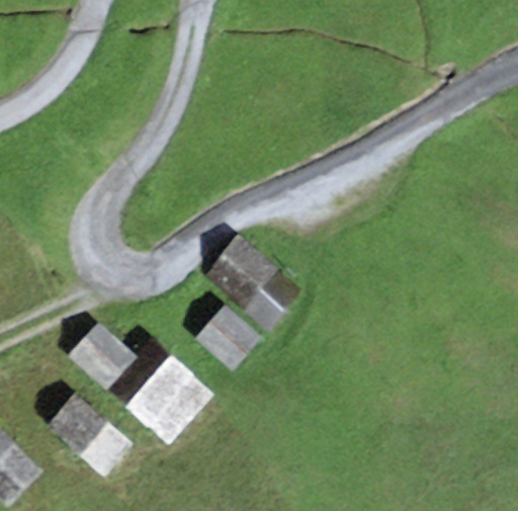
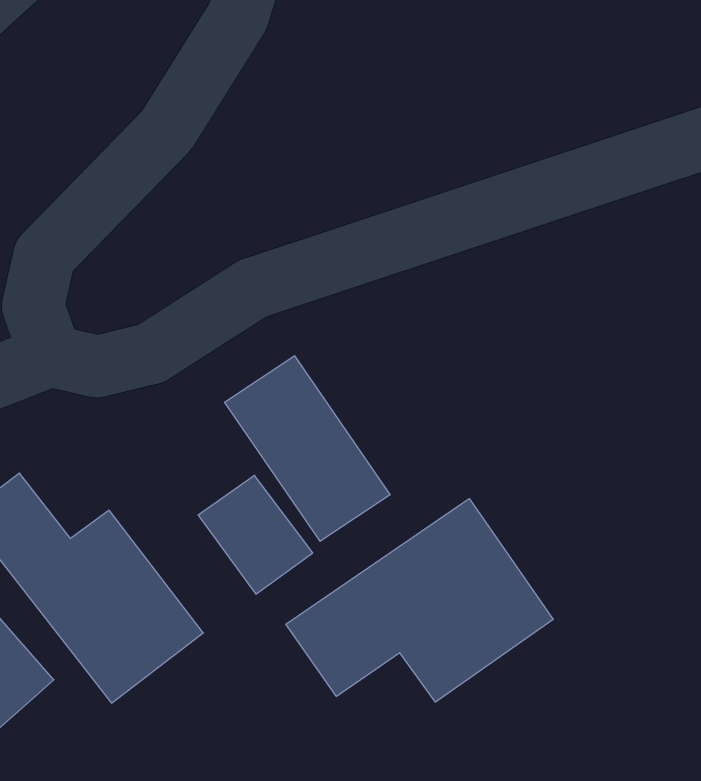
building: none -> [286,499,553,702]

